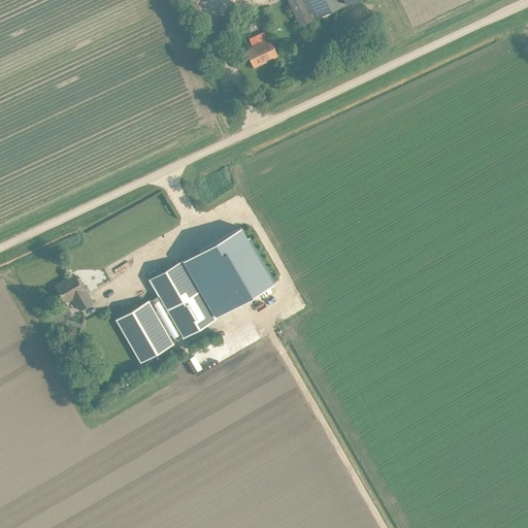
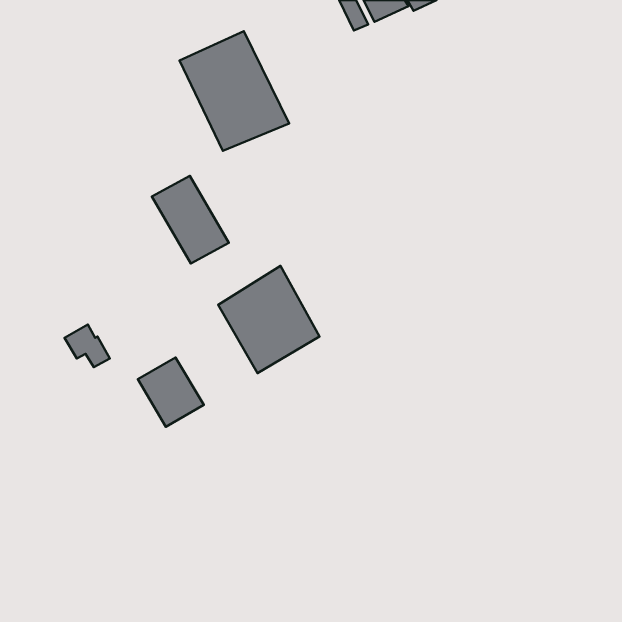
building: none -> [180,31,289,151]
building: [246,40,277,68] -> none
building: [151,263,216,337] -> [152,176,229,264]

